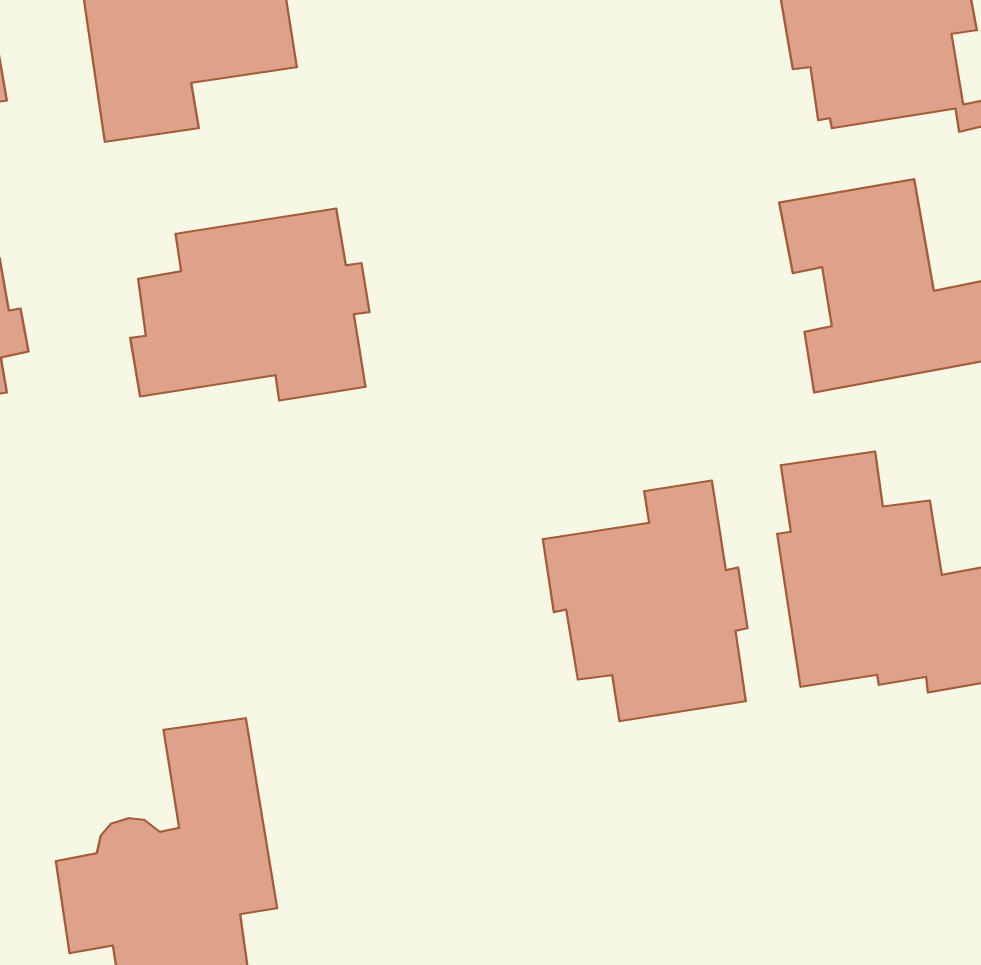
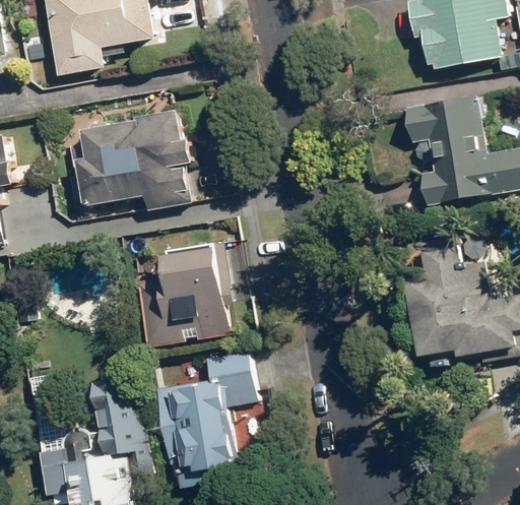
building: none -> [134,246,234,348]
building: [543,481,748,721] -> none
building: none -> [149,348,256,471]

